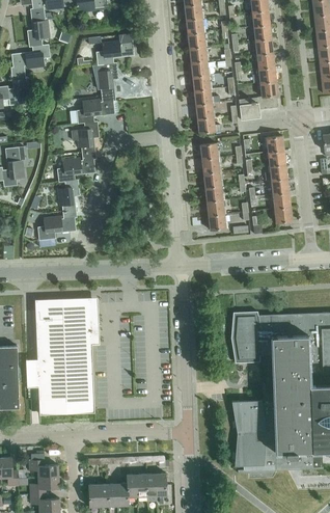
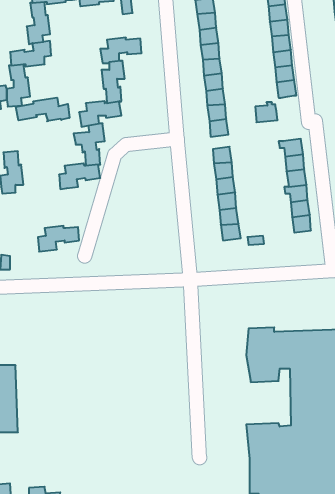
building: none -> [16,98,69,121]
building: [58,179,80,218] -> none
building: [26,298,100,413] -> none

